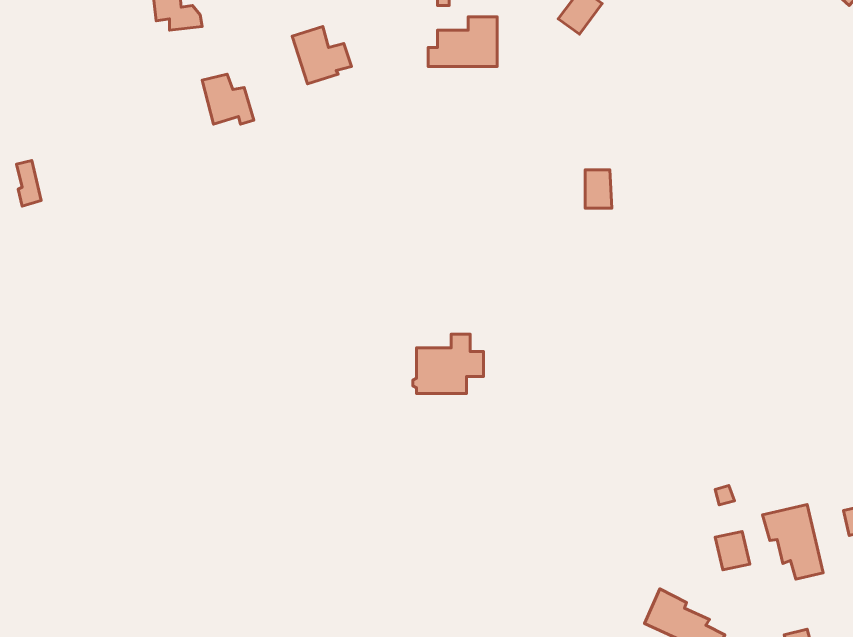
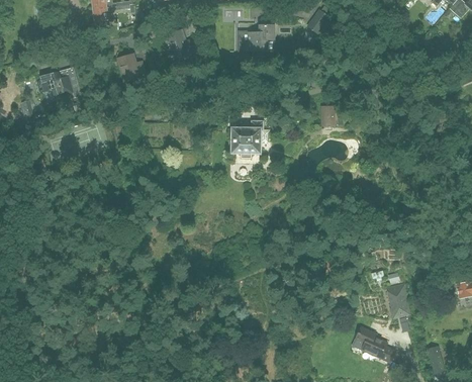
building: none -> [35,70,79,97]
building: [413,334,484,394] -> [230,119,268,151]
building: [763,505,823,579] -> none

